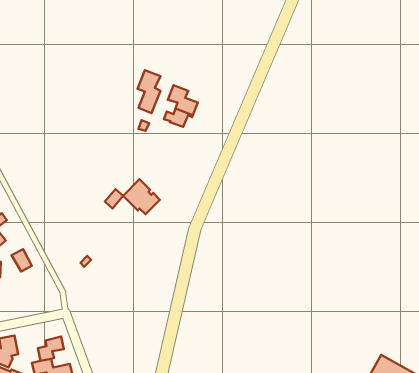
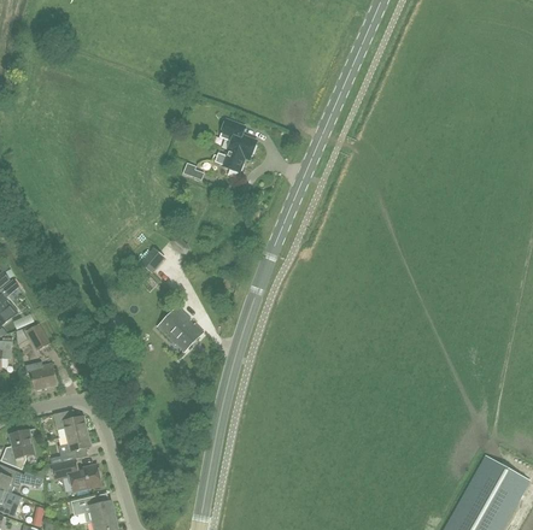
building: [138,70,161,113] -> none
building: [123,179,160,214] -> [158,306,204,349]
building: none -> [25,361,58,390]
building: none -> [53,411,87,437]

